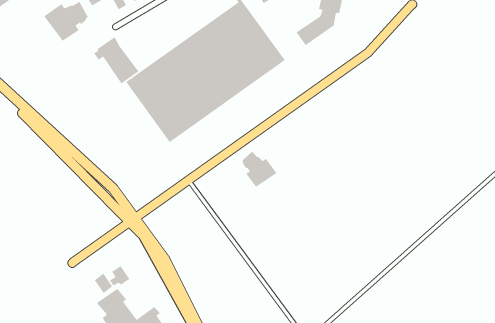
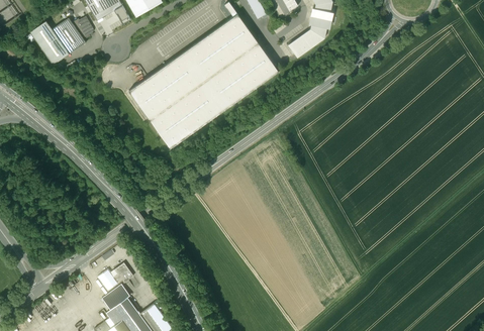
building: [93,36,140,85] -> [26,21,70,67]
building: [242,151,277,188] -> none

